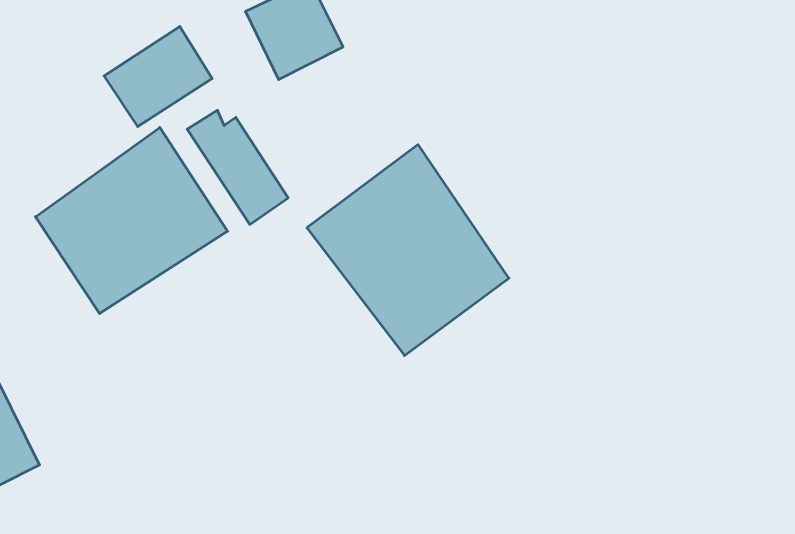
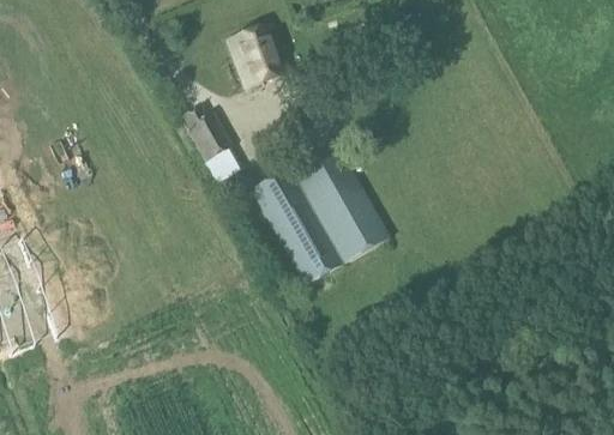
building: [104,26,212,127] -> none
building: [35,127,228,314] -> none

